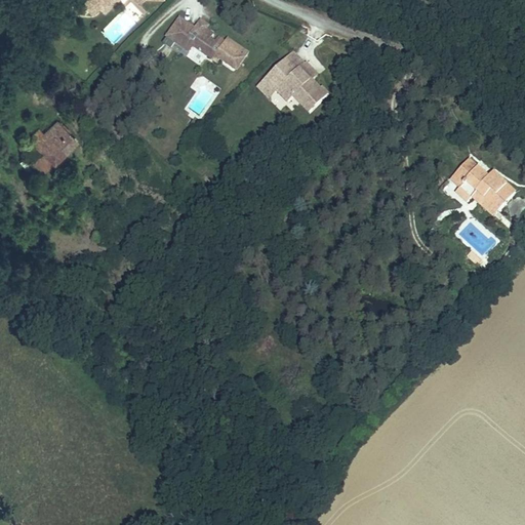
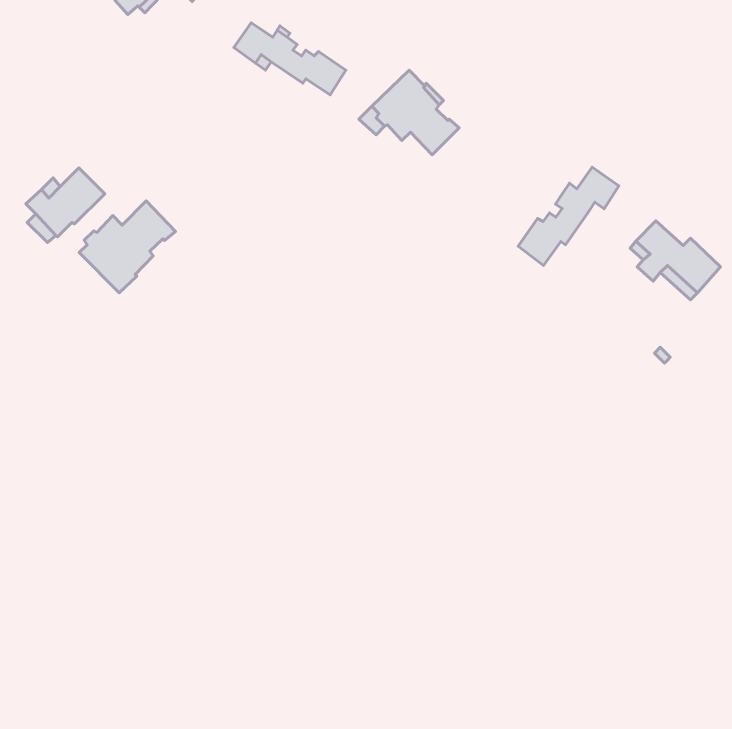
building: none -> [518,167,619,265]
building: none -> [79,201,176,293]

